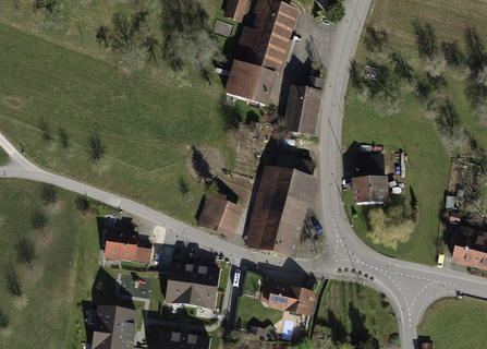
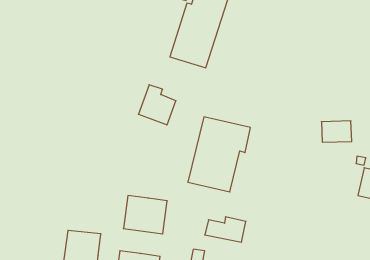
building: [282,86,321,137] -> none
building: [351,178,388,204] -> [321,121,352,142]
building: [197,190,243,239] -> [138,85,176,125]
building: [102,230,154,264] -> none

